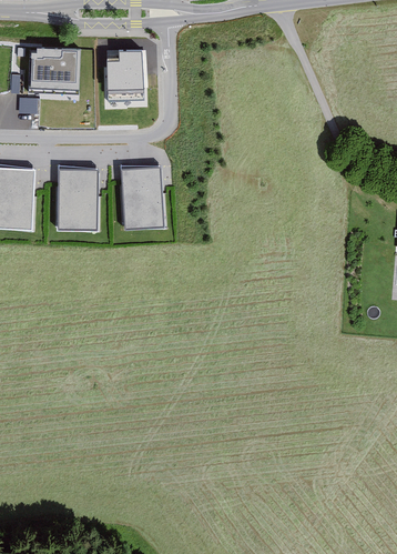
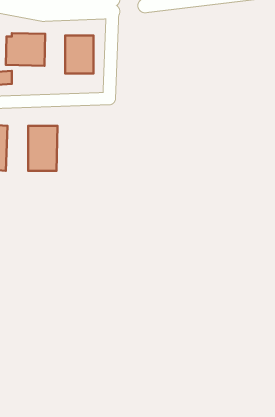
building: [121,165,162,225] -> none

